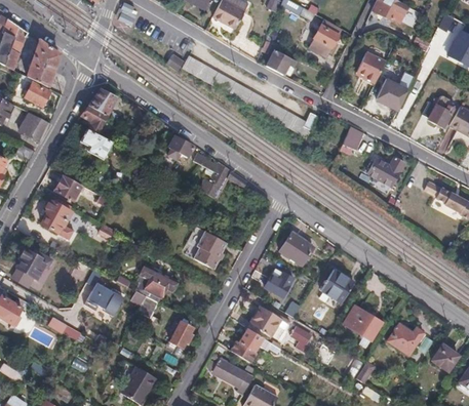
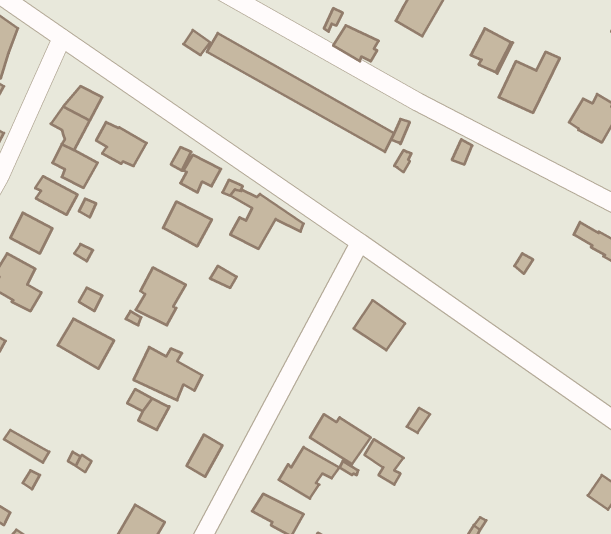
building: none -> [96,122,147,166]
building: none -> [35,176,77,215]
building: [368,157,404,187] -> none
building: none -> [163,202,212,246]
building: [193,230,226,268] -> [136,268,186,325]
building: [265,269,292,296] -> none
building: [321,270,353,302] -> none
building: [87,282,124,315] -> [58,319,114,369]
building: [344,306,380,338] -> none
building: [387,323,424,355] -> none

